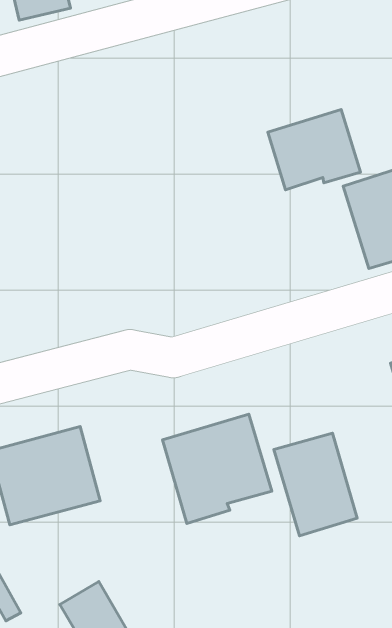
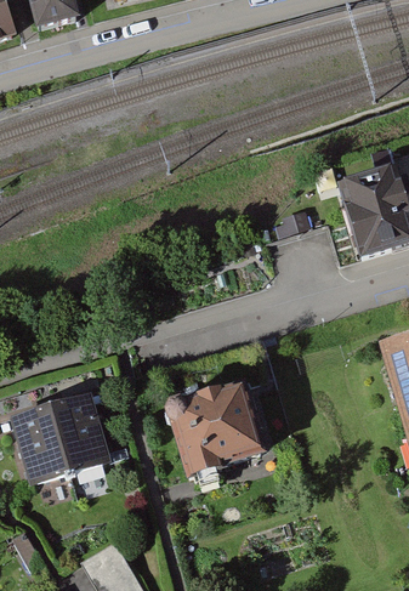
building: [268,110,361,190] -> none
building: [274,433,357,536] -> none

